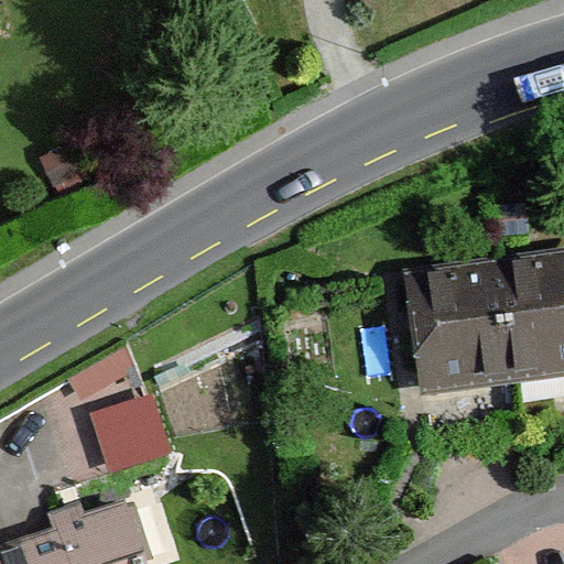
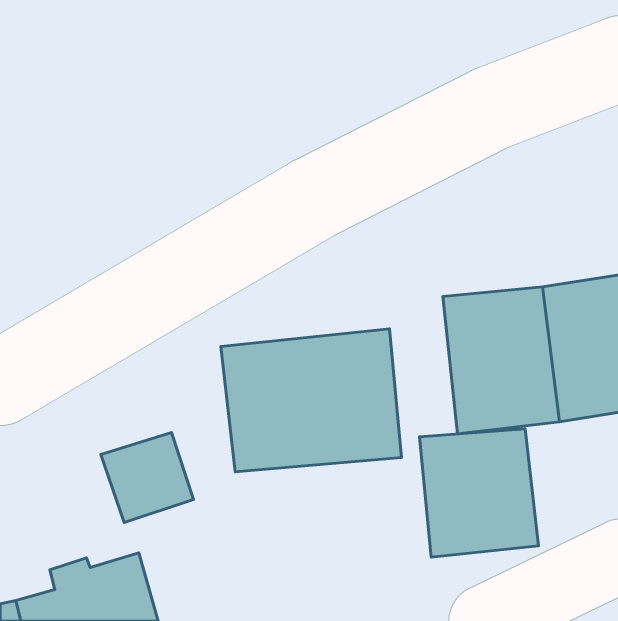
building: none -> [221,329,401,472]
building: none -> [419,429,538,557]

